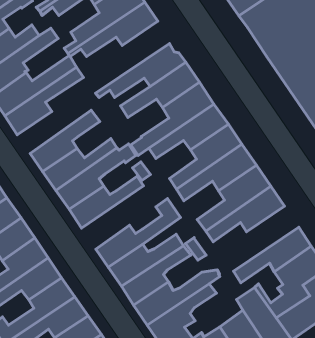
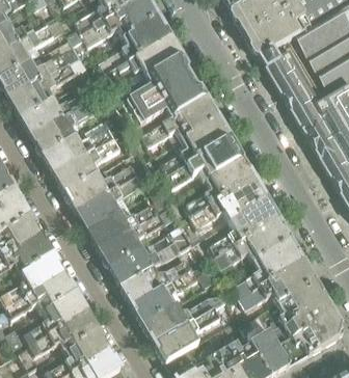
building: none -> [119,56,194,120]
building: none -> [45,127,116,173]
building: none -> [100,211,168,268]
building: none -> [226,239,305,304]

